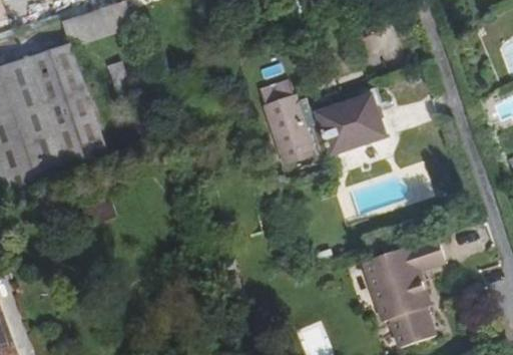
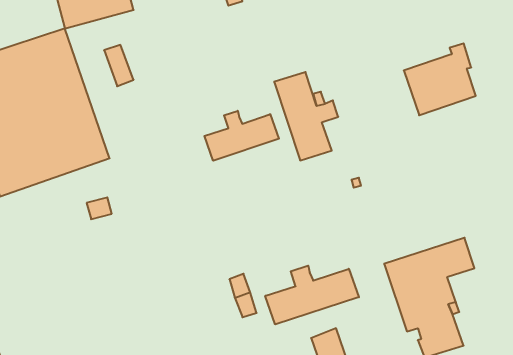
building: [320,90,386,156] -> [404,43,476,115]
building: none -> [204,111,279,161]
building: none -> [265,266,359,324]

